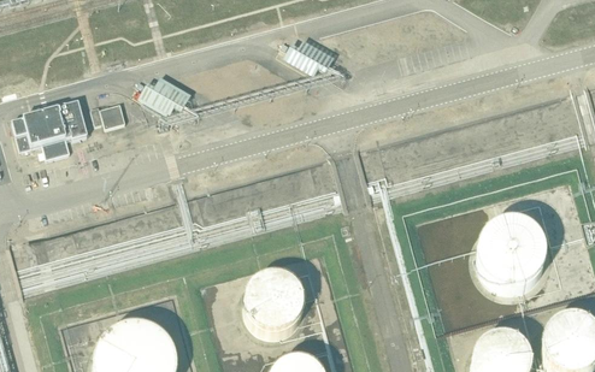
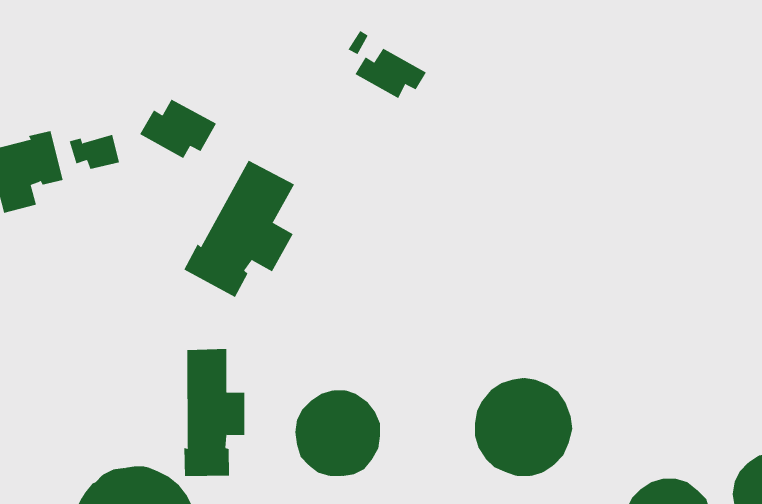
building: none -> [184,160,295,298]
building: [477,218,544,285] -> [474,378,573,476]
building: none -> [184,348,245,477]

